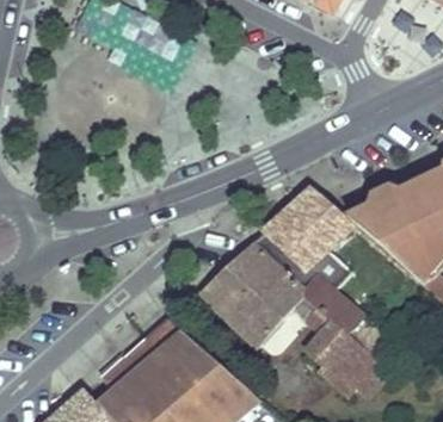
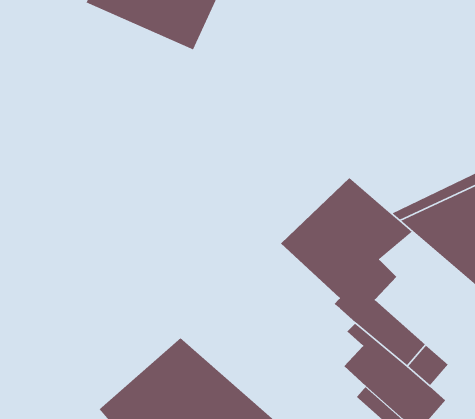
building: [199,241,302,343] -> none

